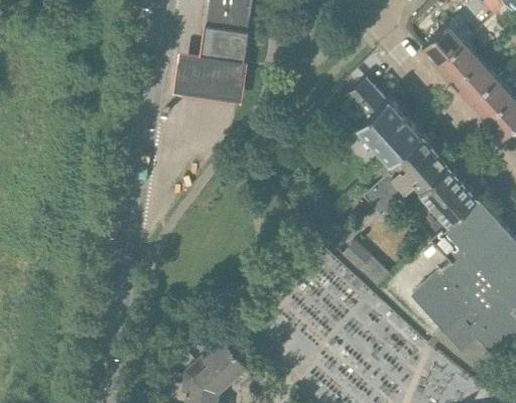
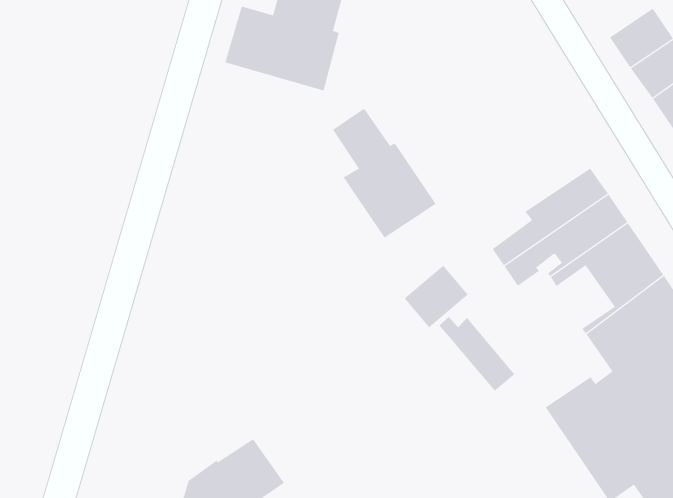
building: [346,79,420,162] -> [332,108,437,238]
building: none -> [404,265,469,328]

